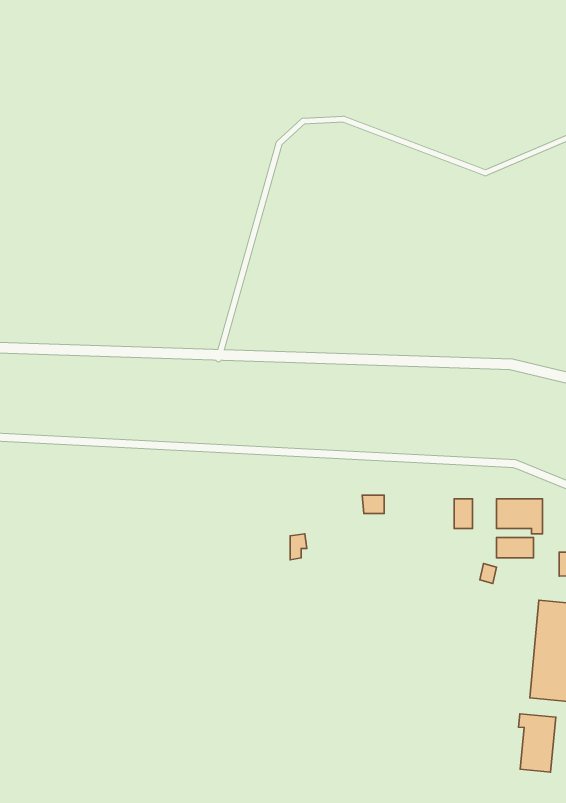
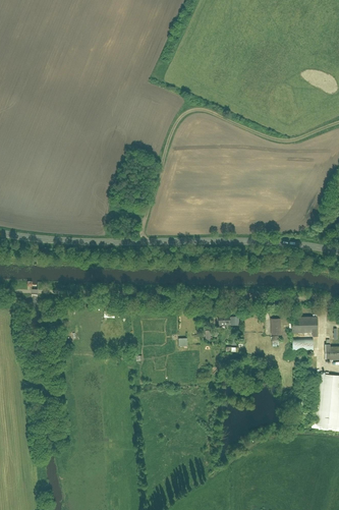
building: [519,714,556,772] -> none

